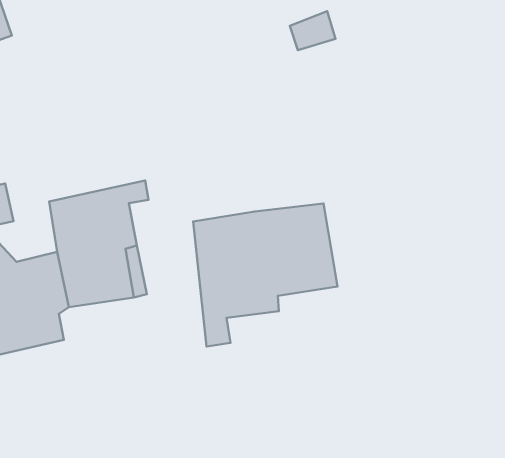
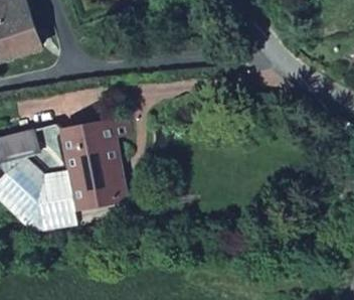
building: [193,204,338,347] -> none

